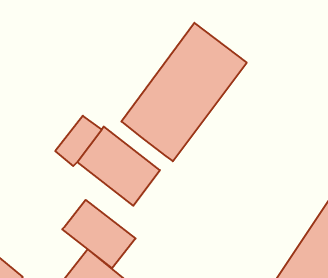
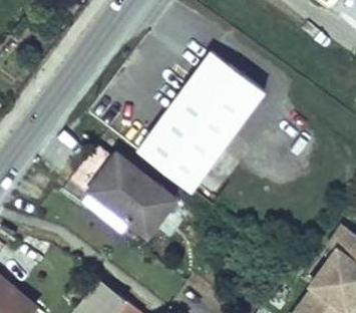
building: [62,200,136,268] -> none

